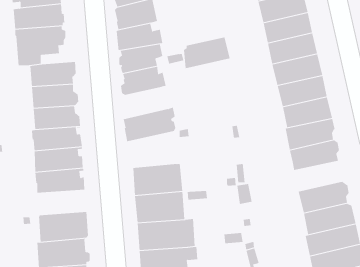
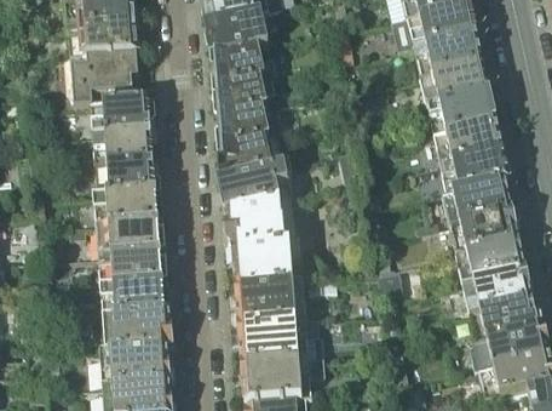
building: [183,37,230,69] -> [217,137,282,182]
building: none -> [224,199,294,250]
building: none -> [455,240,527,282]
building: none -> [99,280,169,315]

